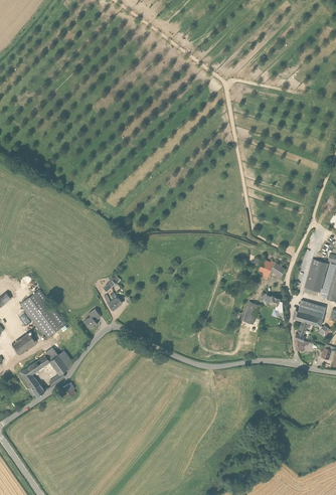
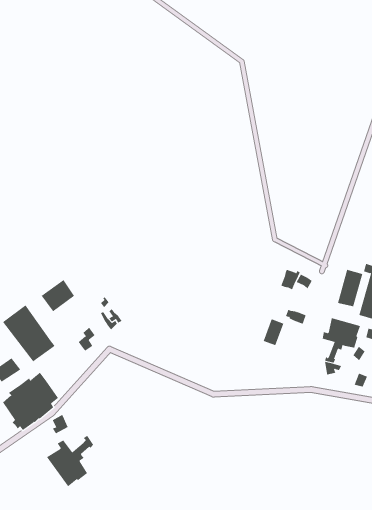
building: none -> [41,279,75,312]
building: none -> [46,435,94,487]

